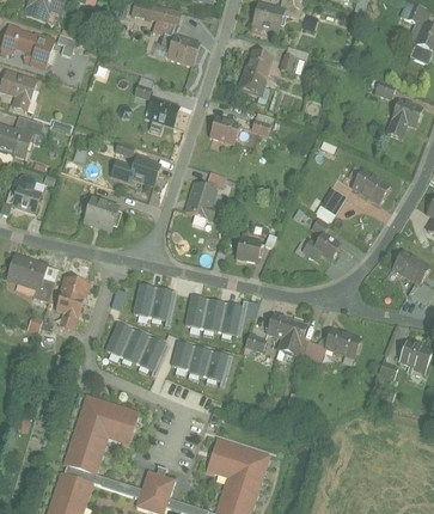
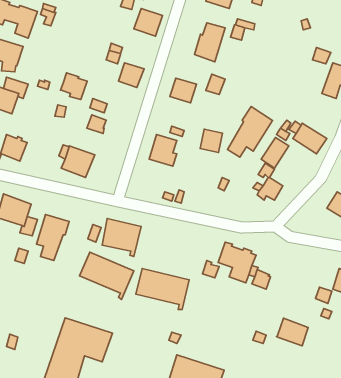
building: none -> [228,107,273,157]
building: [130,154,161,185] -> [60,73,87,100]
building: [236,234,262,262] -> [200,129,223,153]
building: [182,290,245,334] -> none
building: [323,325,360,357] -> [276,318,308,346]

